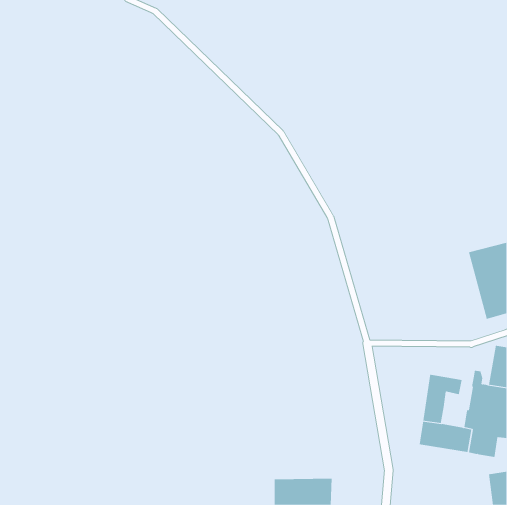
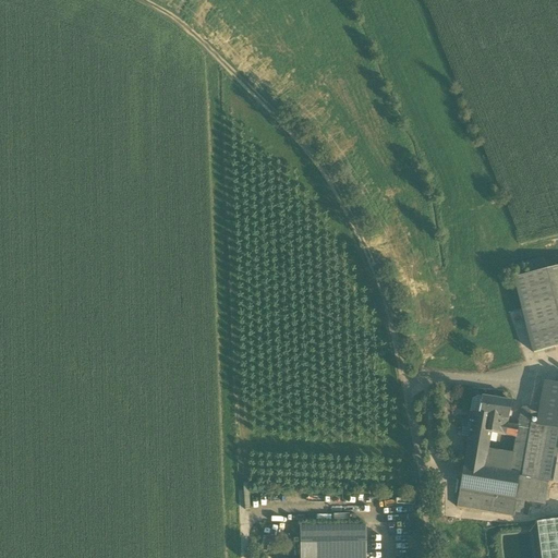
building: none -> [478,395,511,417]
building: none -> [485,447,512,470]
building: none -> [457,488,524,514]

